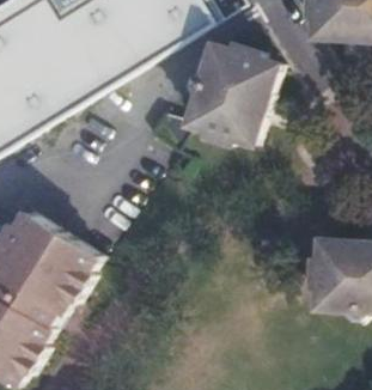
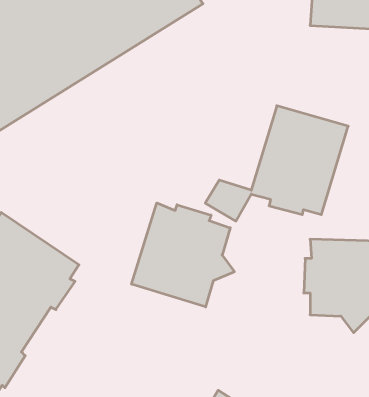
building: [144,45,278,153] -> [205,106,348,221]
building: none -> [132,203,234,307]

